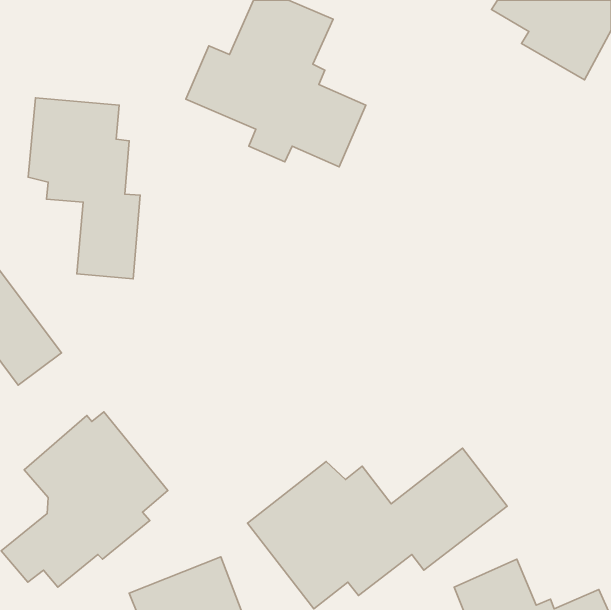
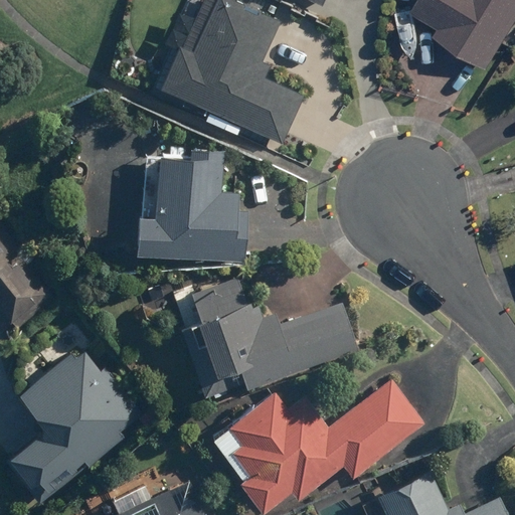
building: [28,98,140,279] -> none
building: none -> [132,145,250,264]
building: none -> [169,281,362,400]

